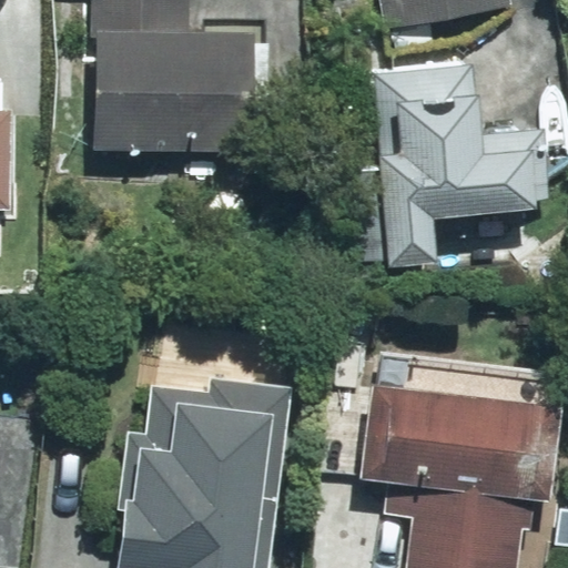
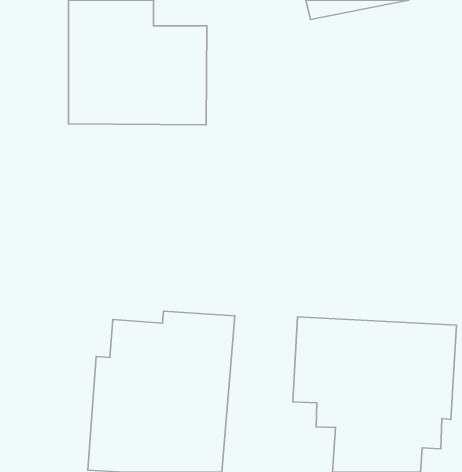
building: [361,57,537,264] -> none

